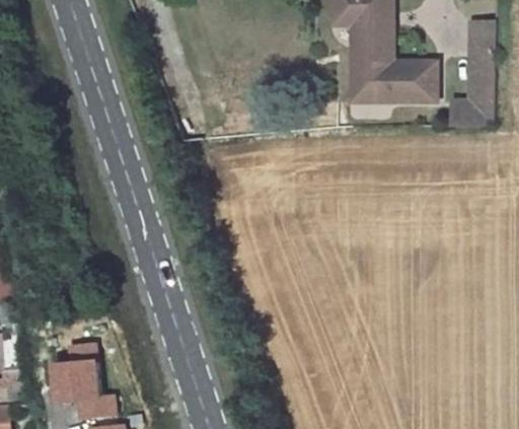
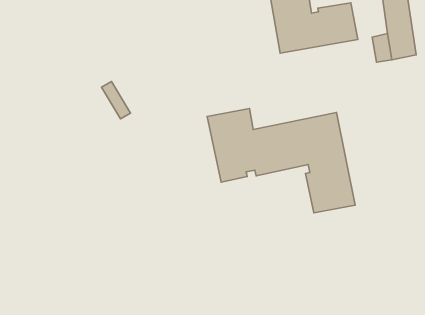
building: none -> [207,108,355,213]

